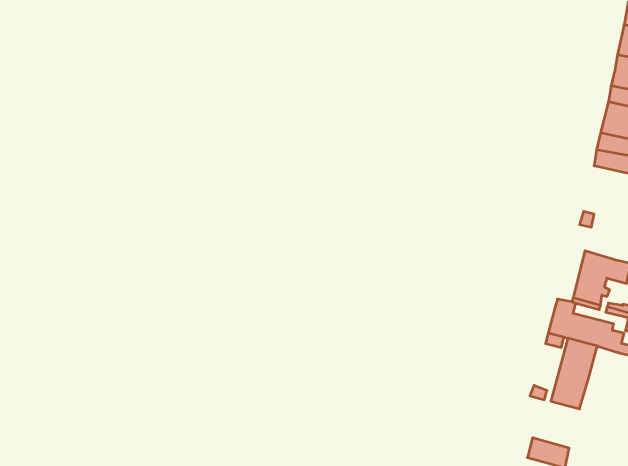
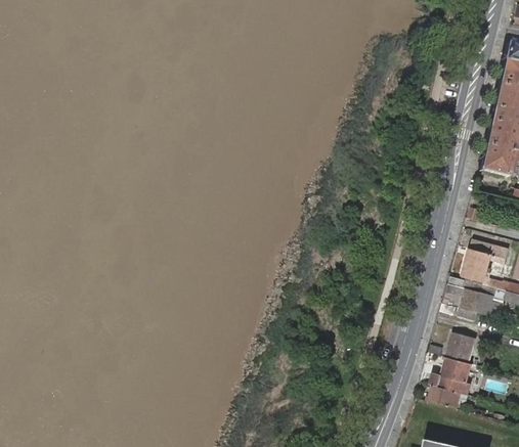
building: none -> [430,356,473,395]

